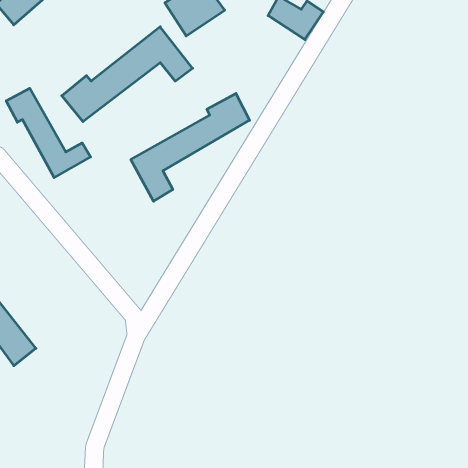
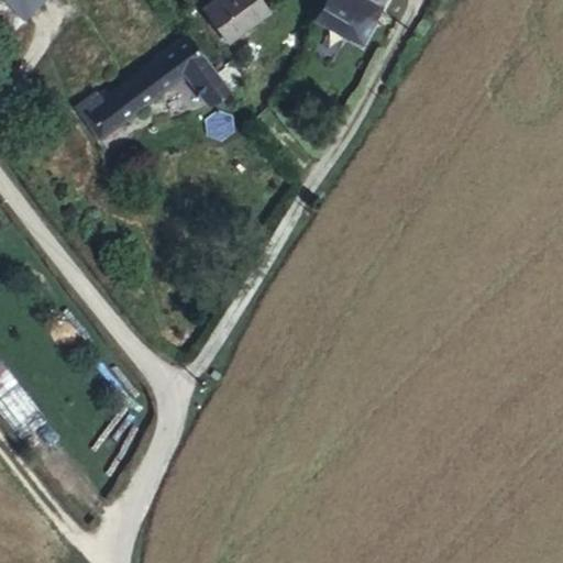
building: [6,88,91,178] -> none
building: [131,93,250,201] -> none

